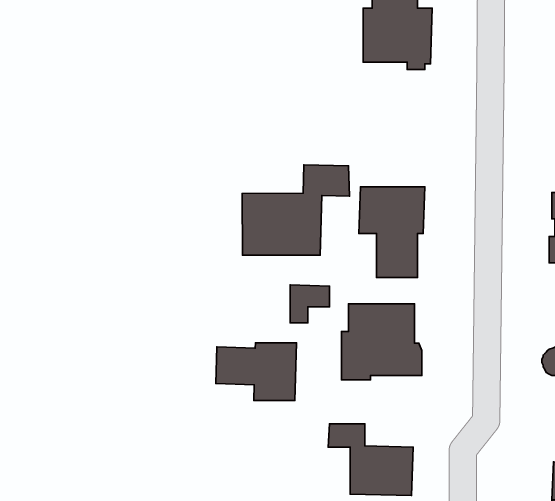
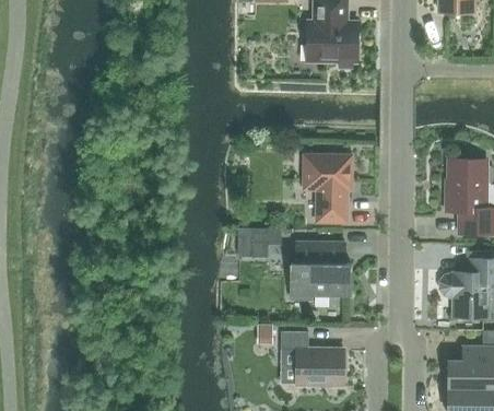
building: [242,165,349,255] -> none
building: [216,343,296,401] -> none

